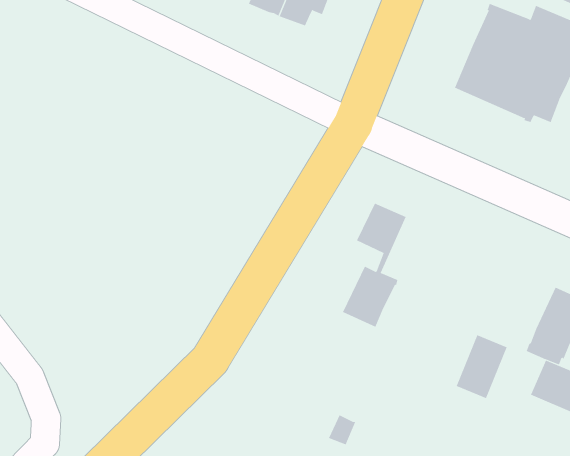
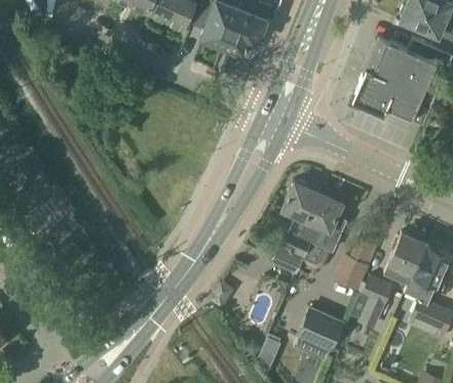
building: none -> [301,192,347,265]
building: none -> [386,233,428,284]
building: none -> [334,254,370,290]
building: none -> [295,309,342,358]

